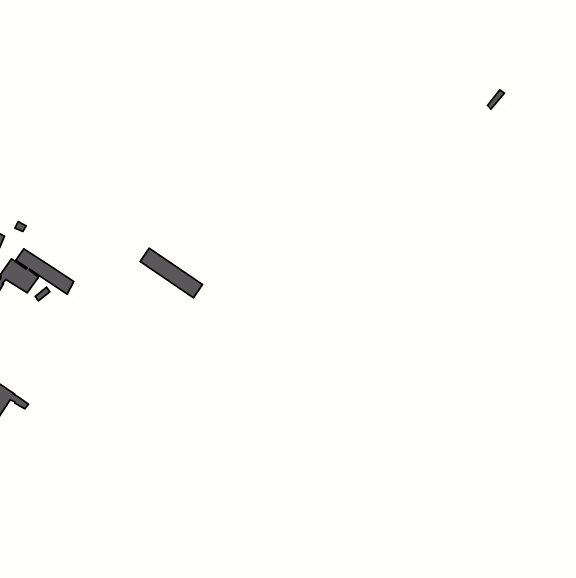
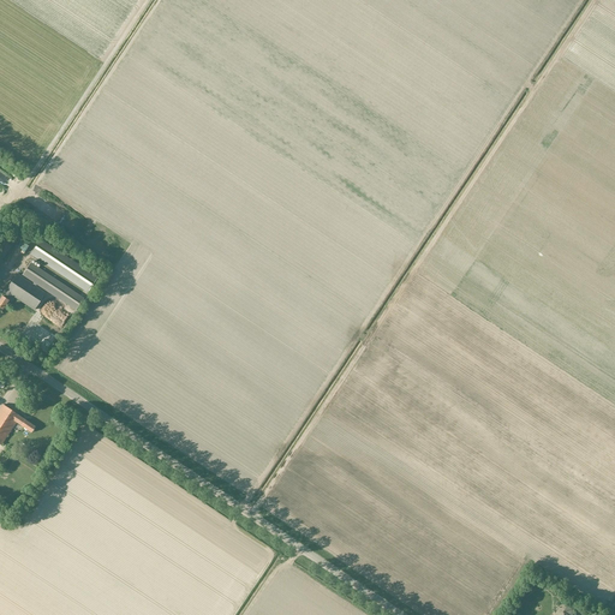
building: [140,248,203,298] -> [25,243,91,295]

